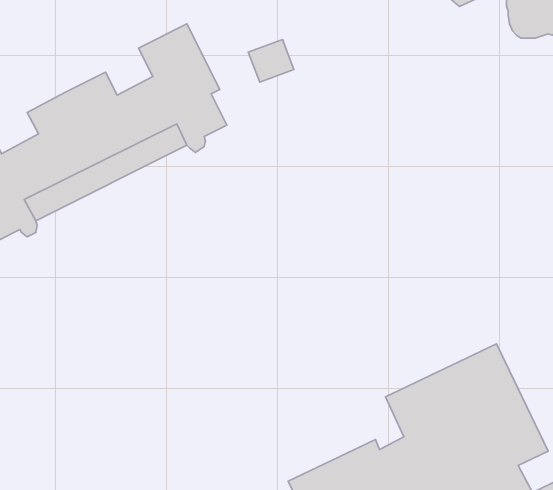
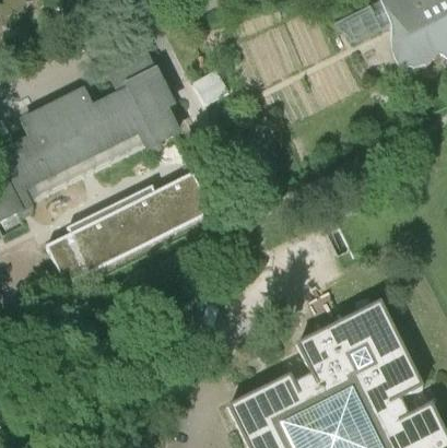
building: none -> [46,173,213,286]

